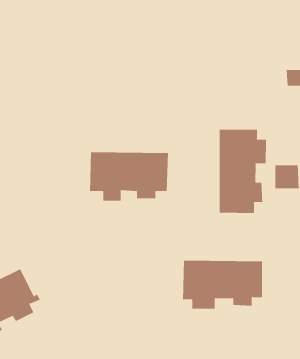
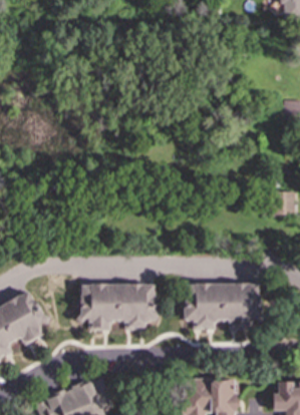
building: [219,129,266,214] -> none
building: [89,152,169,201] -> [79,283,156,330]

